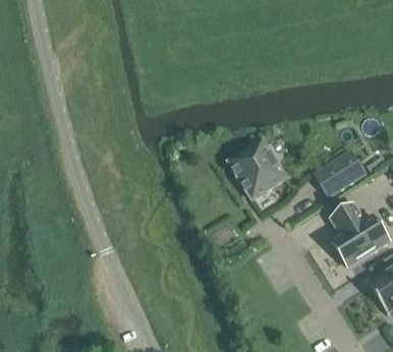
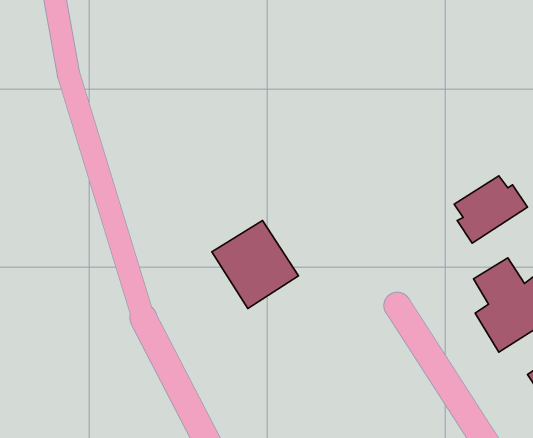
building: [229,141,288,201] -> [212,220,299,309]

